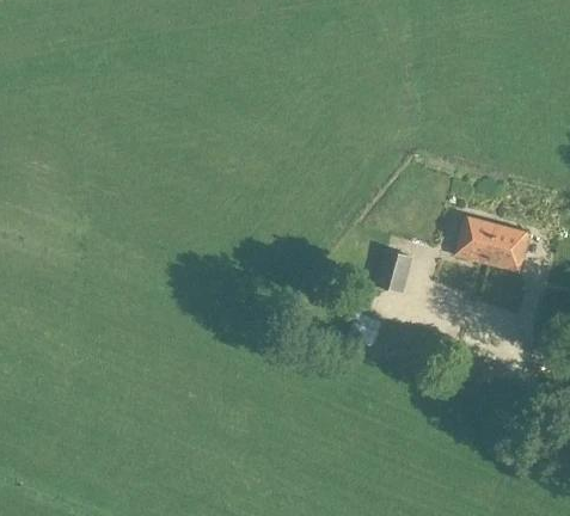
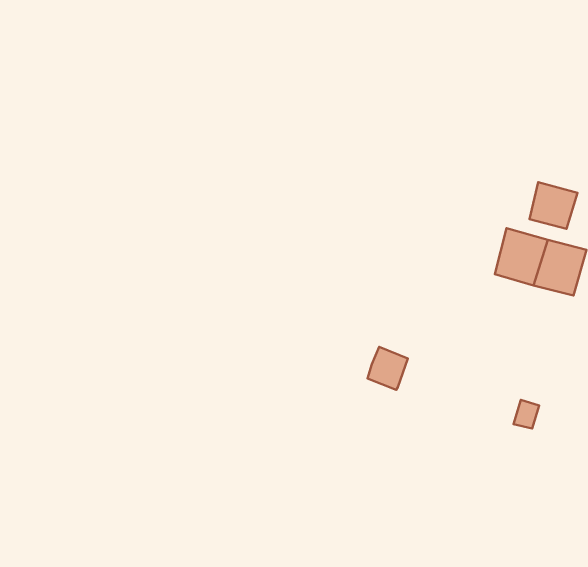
building: none -> [530,182,577,229]
building: [375,248,413,291] -> none

